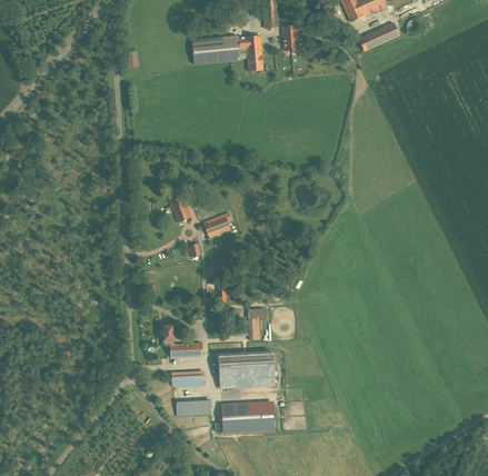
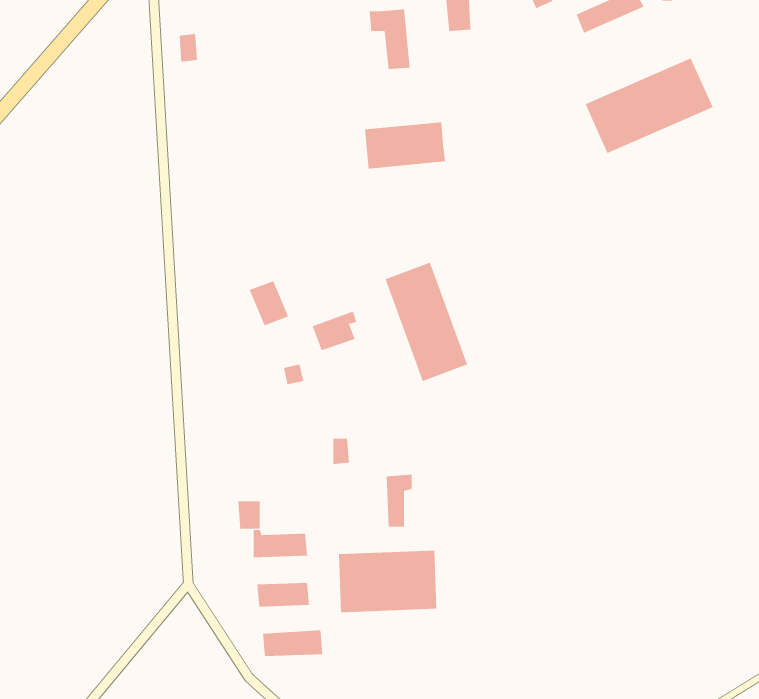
building: [192,36,240,63] -> [364,122,446,169]
building: none -> [585,58,713,154]
building: none -> [385,262,468,382]
building: [221,400,275,434] -> none

